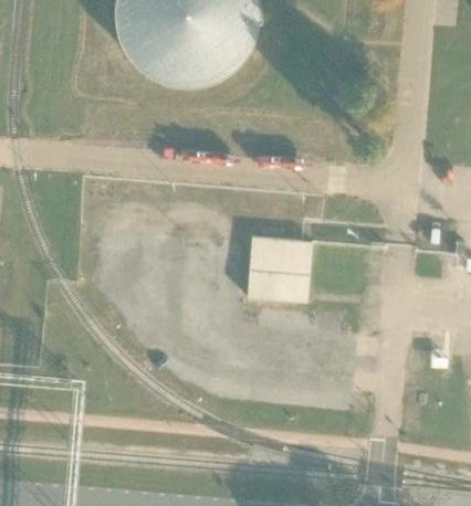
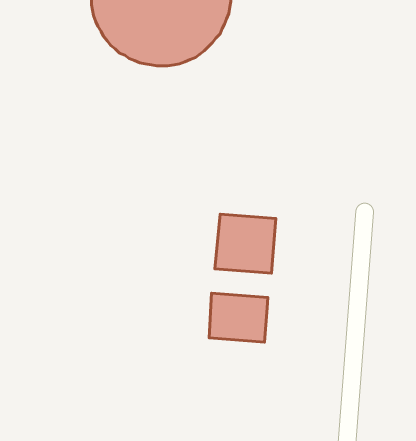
building: none -> [209,293,268,342]

